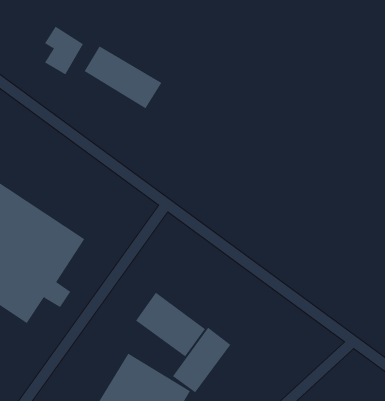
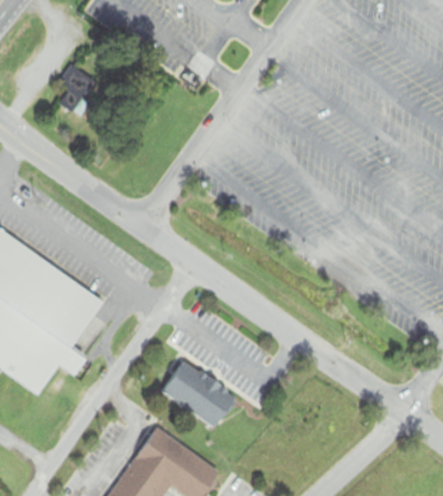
building: [84,45,162,109] -> none
building: [172,327,231,393] -> none

